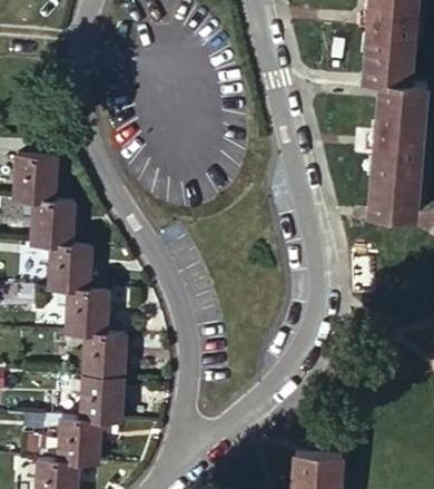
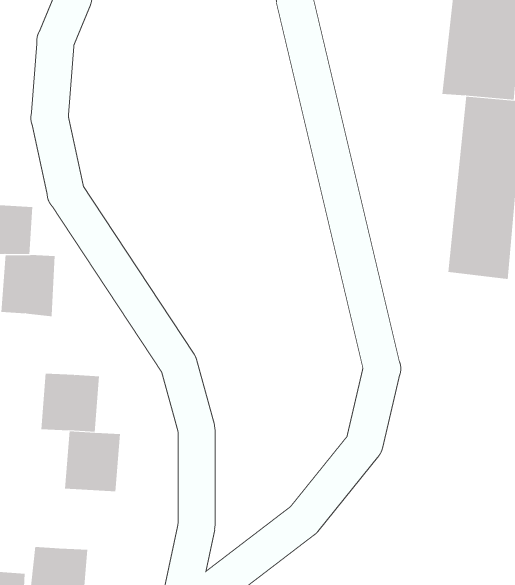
building: [50,243,91,288] -> none
building: [78,374,120,421] -> none

